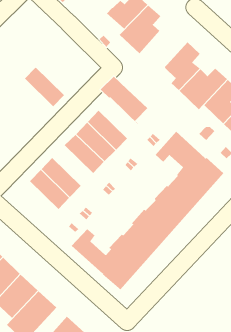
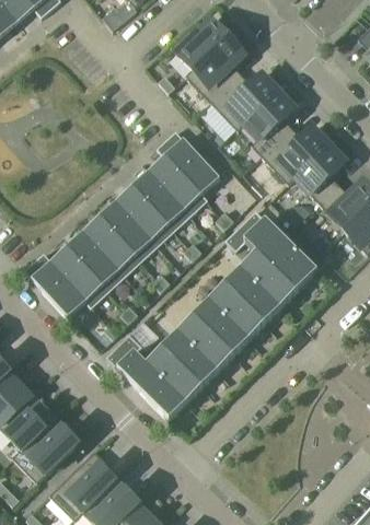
building: none -> [210,72,276,128]
building: [24,67,65,107] -> [151,159,205,214]
building: none -> [85,219,139,275]
building: none -> [23,250,90,316]

